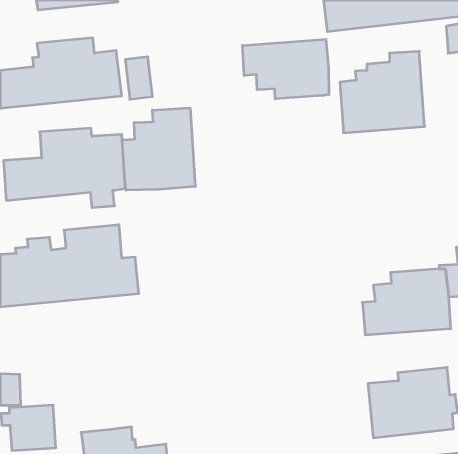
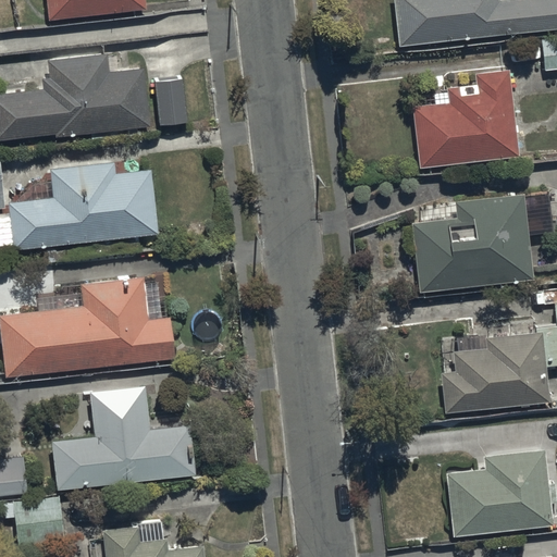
building: [242,39,329,99] -> none
building: [122,108,195,190] -> none
building: none -> [412,195,552,292]
building: none -> [51,386,196,488]

